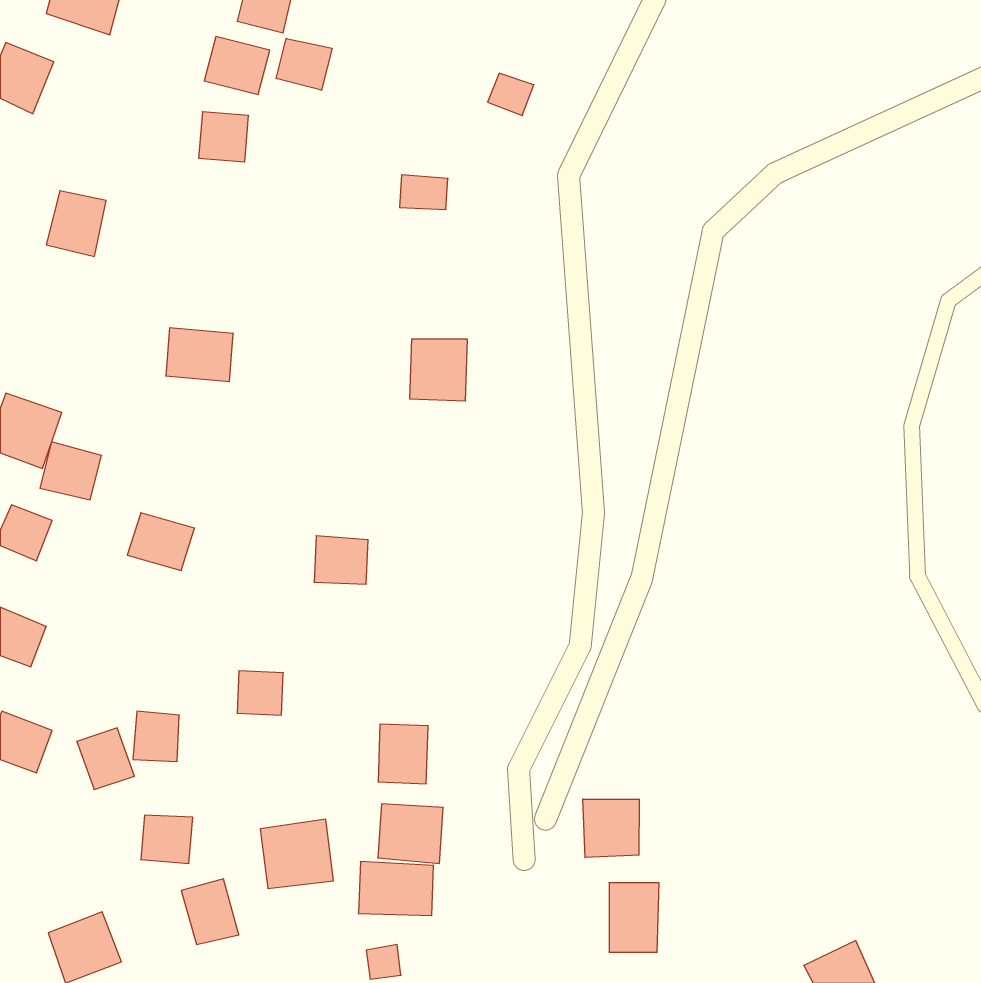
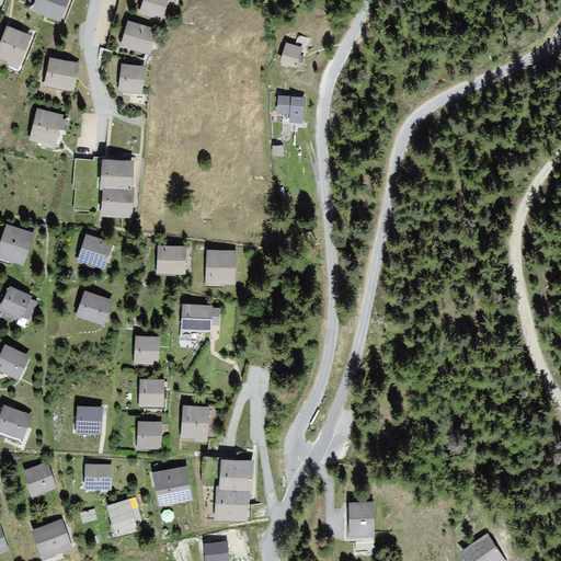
building: [276,38,332,90] -> none
building: none -> [43,56,81,90]
building: [400,175,448,209] -> [279,95,307,115]
building: none -> [94,158,134,187]
building: [410,339,467,401] -> [205,250,238,285]
building: none -> [154,245,186,274]
building: [40,442,102,500] -> [78,234,113,267]
building: none -> [133,335,159,365]
building: [378,724,428,784] -> [180,405,208,439]
building: [77,728,135,790] -> [23,461,56,496]
building: none -> [135,421,161,448]
building: [583,799,639,858] -> none

